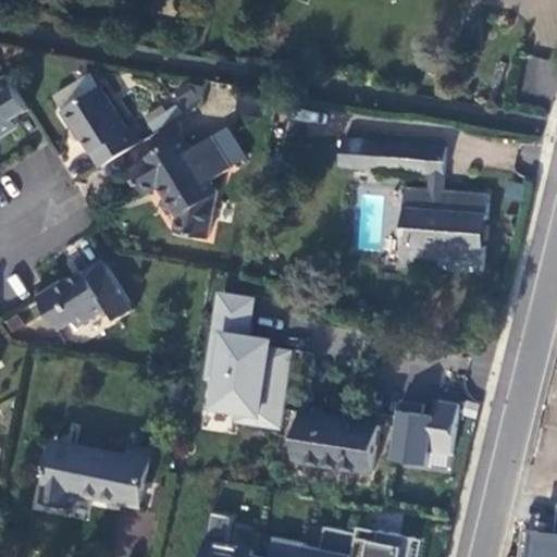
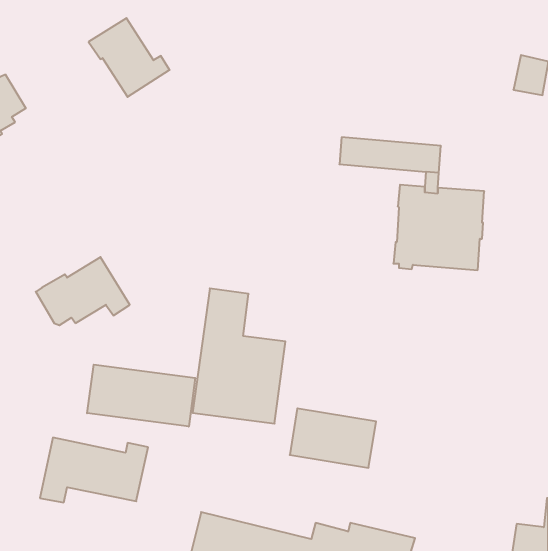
building: [60,87,141,166] -> [89,18,170,97]
building: [128,136,230,238] -> none
building: none -> [87,365,195,427]
building: [388,401,457,465] -> none

